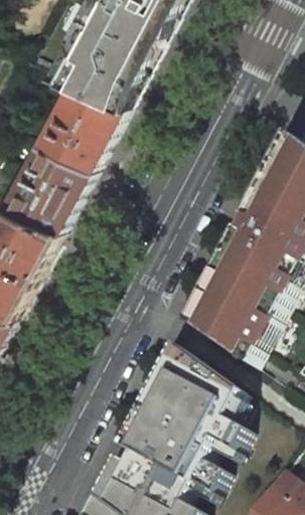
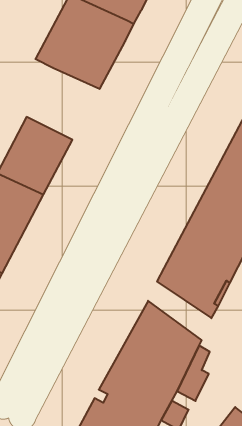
building: [38,85,122,168] -> none

